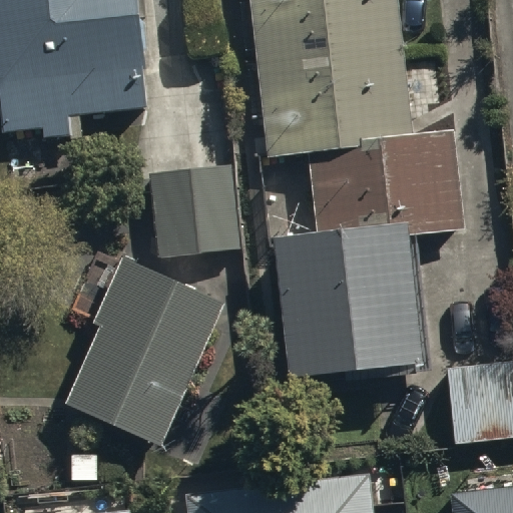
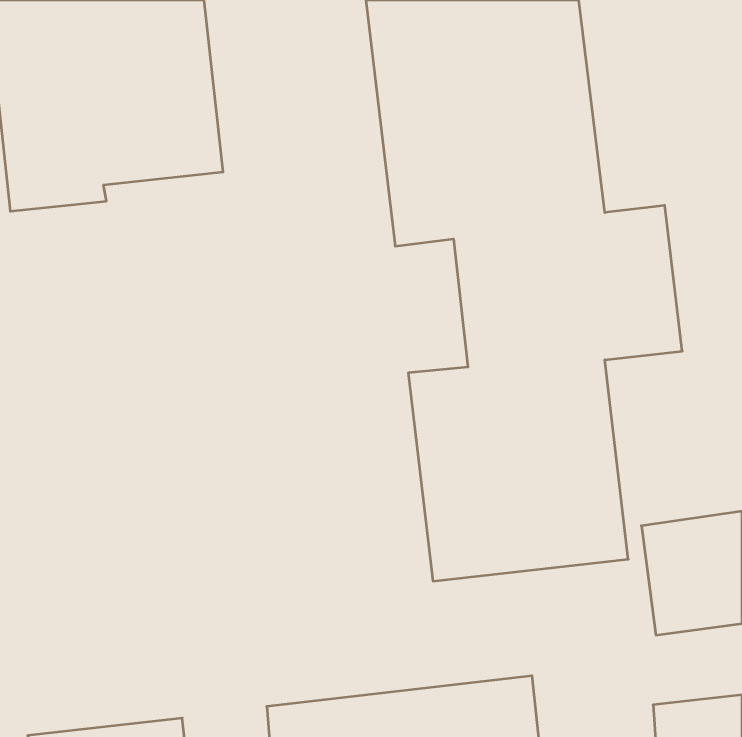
building: [148,163,236,255] -> none
building: [63,254,221,441] -> none

